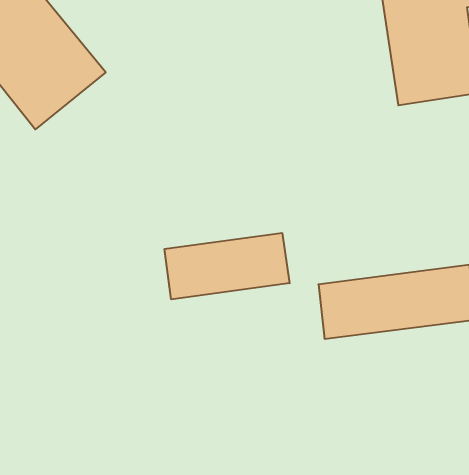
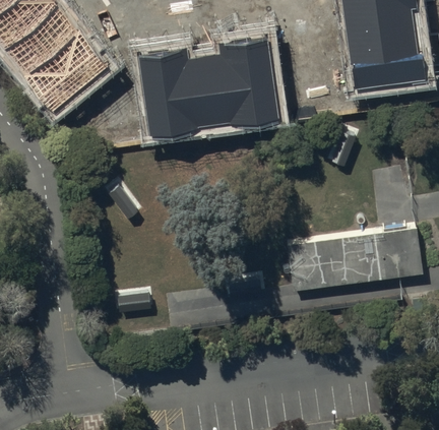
building: none -> [138,39,283,139]
building: [165,233,290,299] -> none

